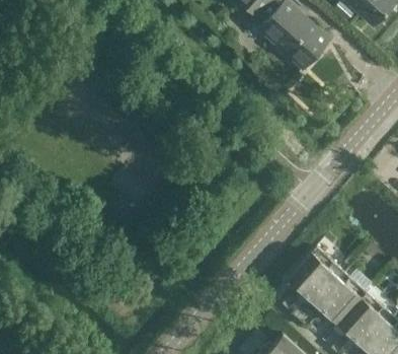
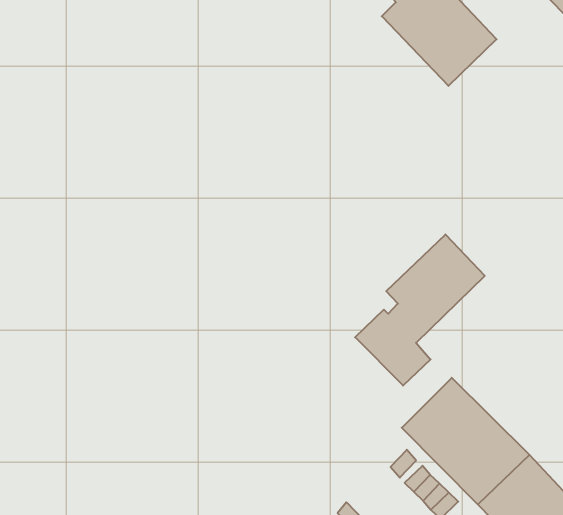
building: none -> [355,234,485,386]

